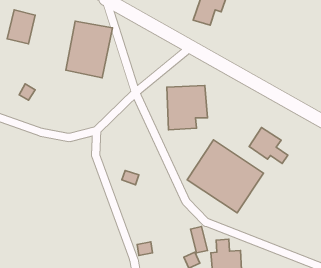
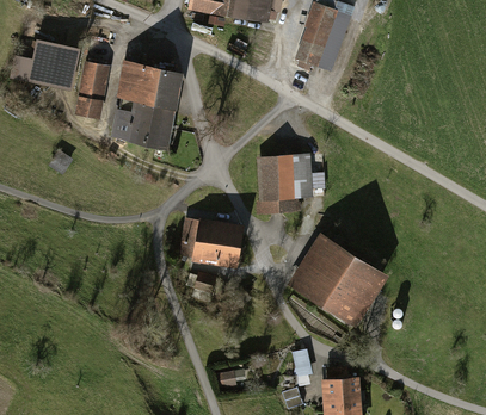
building: none -> [76,60,106,117]
building: [249,128,288,163] -> none
building: none -> [179,216,242,270]

